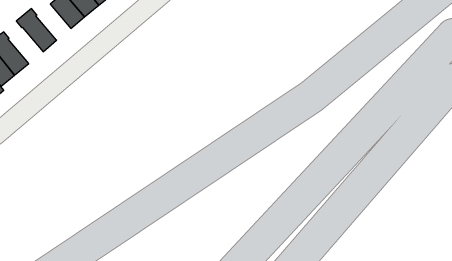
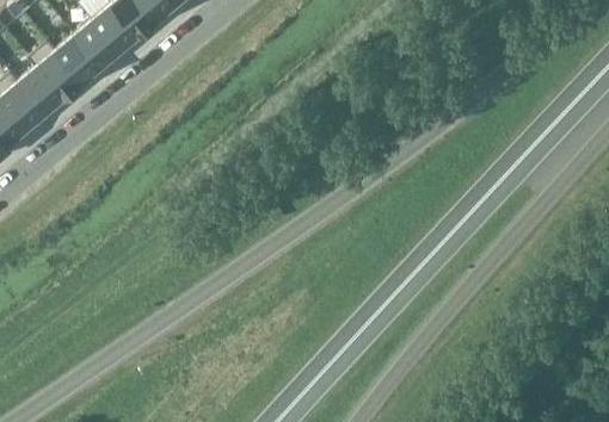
building: none -> [53,38,99,86]
building: none -> [16,69,62,117]

